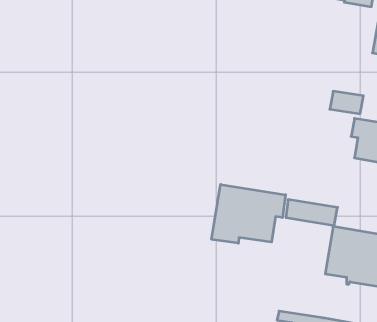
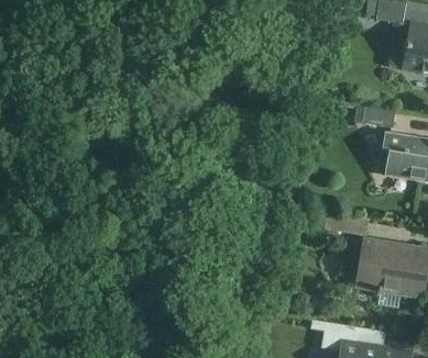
building: [212,184,286,243] -> none

